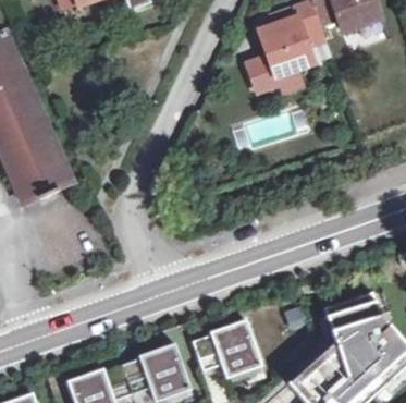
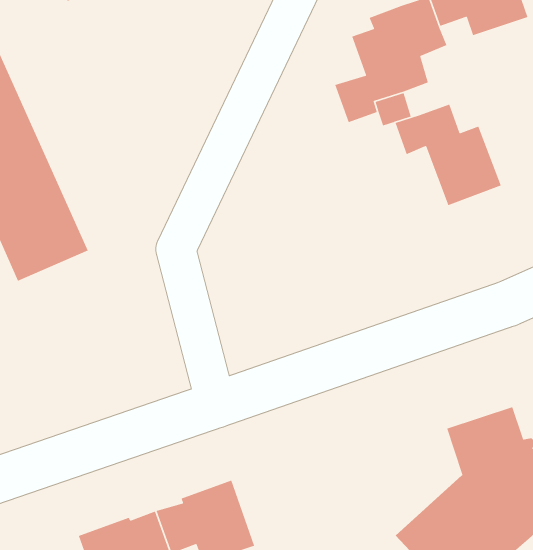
building: none -> [395,104,502,206]
building: [193,319,262,379] -> none

